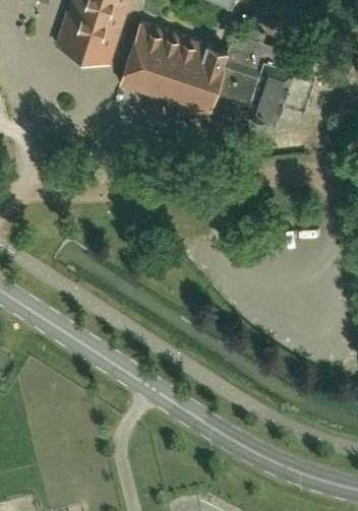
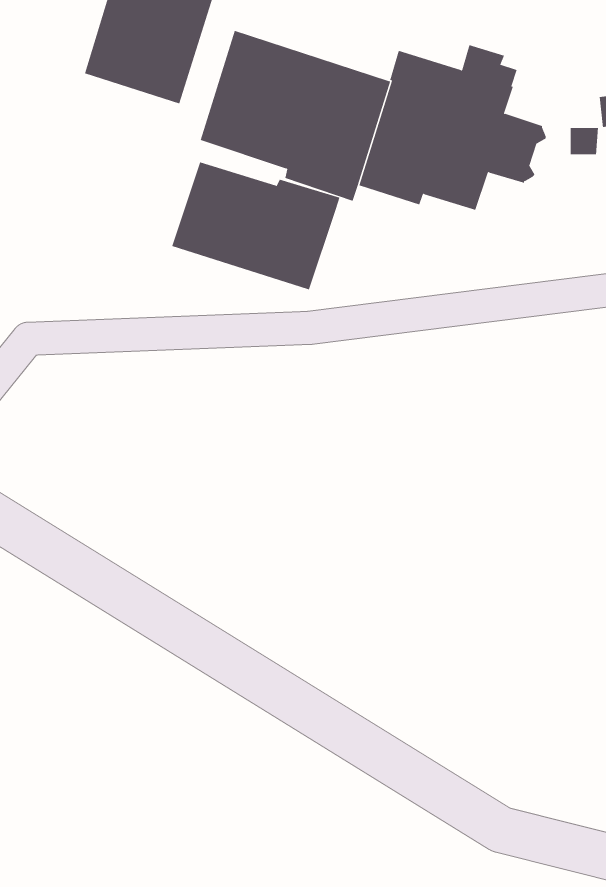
building: none -> [172,161,340,291]

